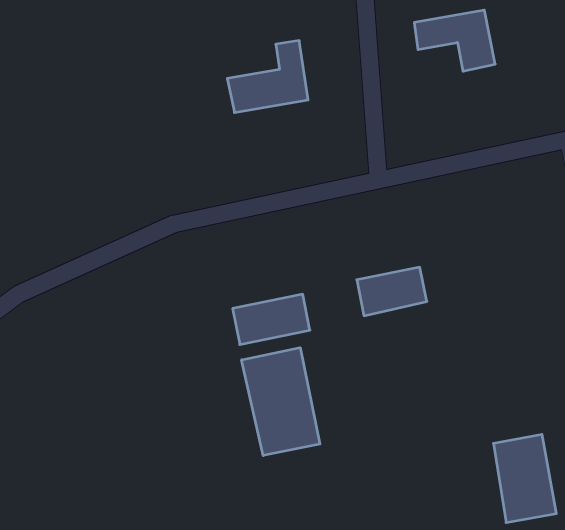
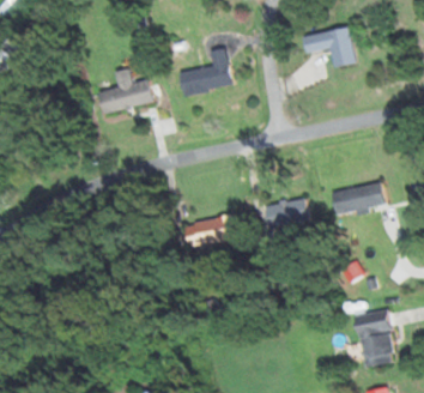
building: none -> [97,68,153,115]
building: none -> [332,183,386,216]
building: [242,348,320,456] -> none

